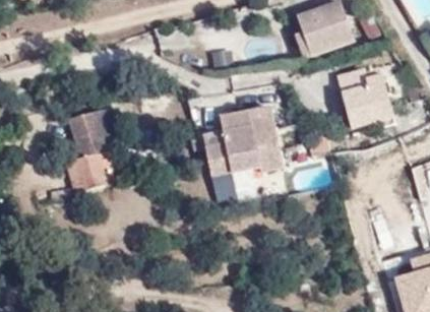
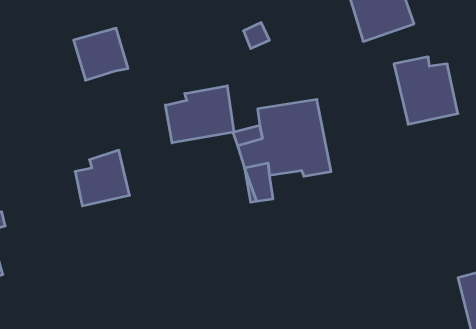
building: none -> [165,86,234,143]
building: [67,113,114,158] -> [74,28,128,80]

